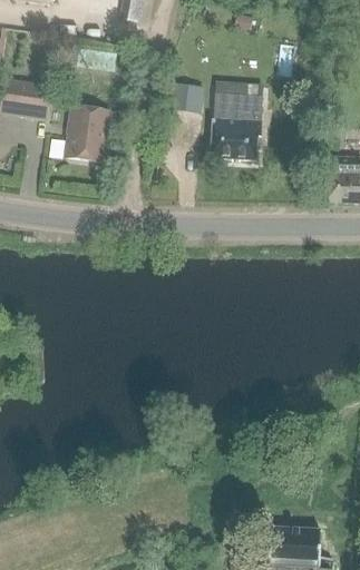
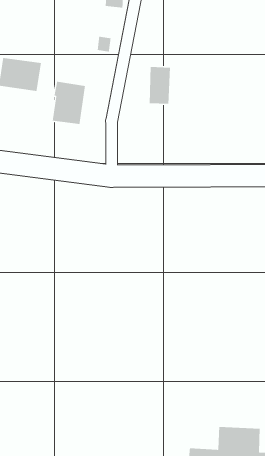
building: [207,80,263,158] -> none

